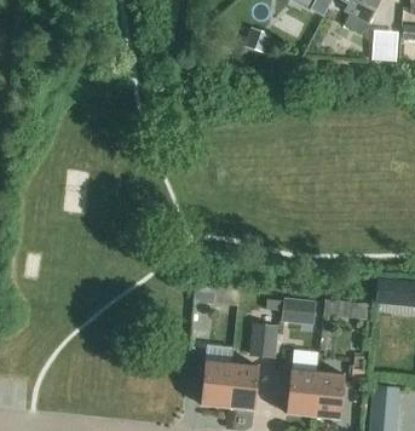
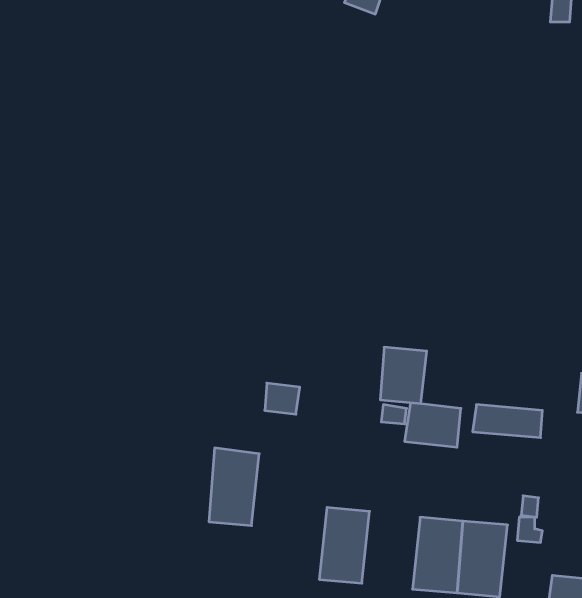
building: [249,322,278,357] -> [380,347,427,404]
building: [201,358,232,407] -> [209,448,259,526]

